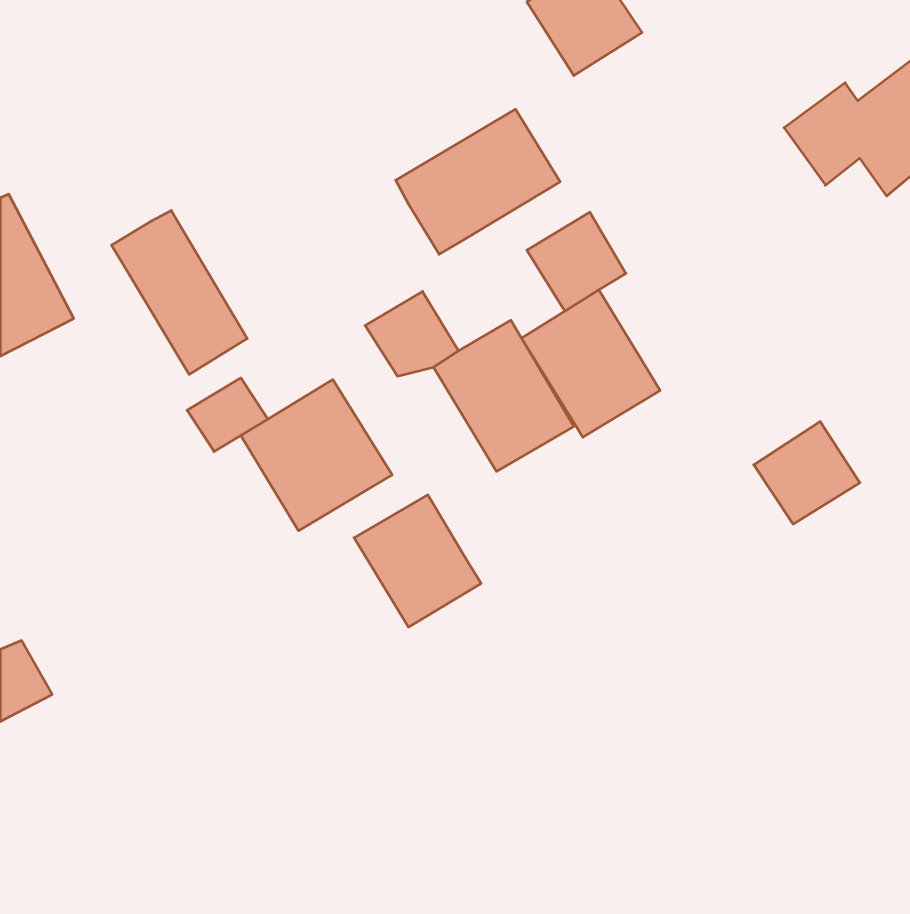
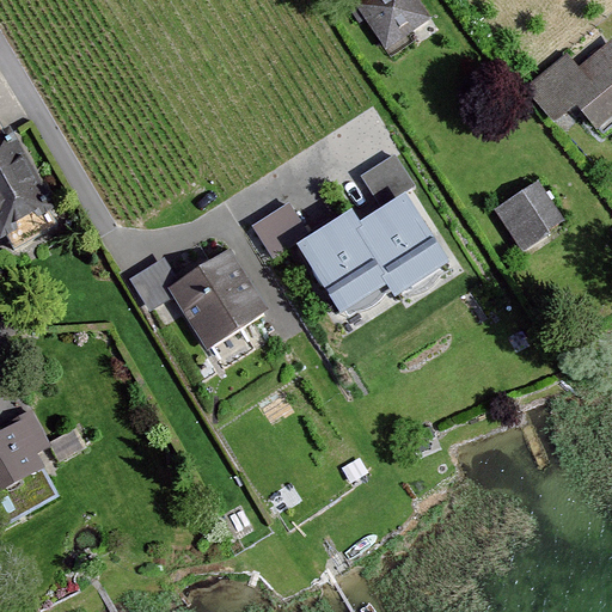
building: [396,109,560,254] -> none
building: [112,210,247,374] -> none
building: [754,422,860,524] -> [495,182,565,250]
building: [354,495,481,627] -> none

